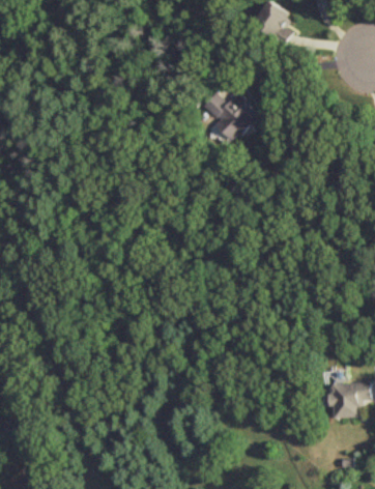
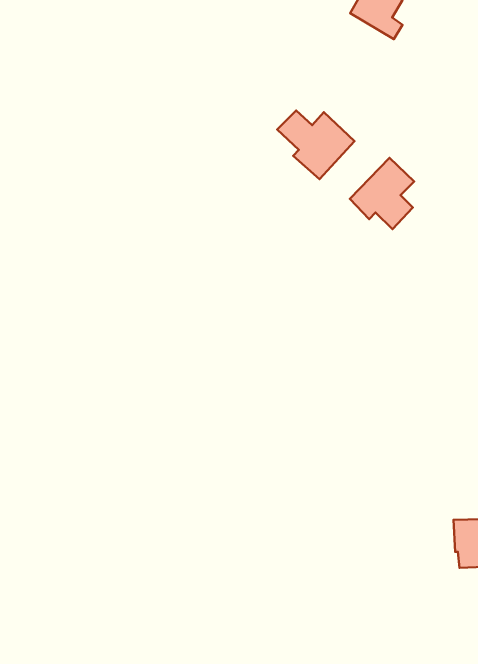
building: none -> [350,158,414,229]

